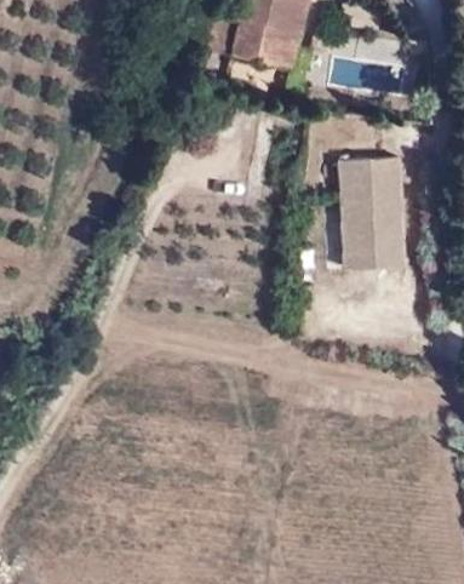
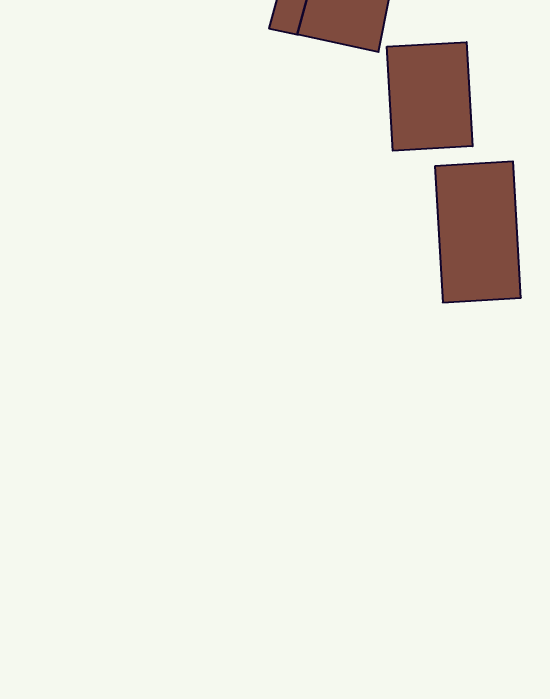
building: none -> [387,42,473,151]

